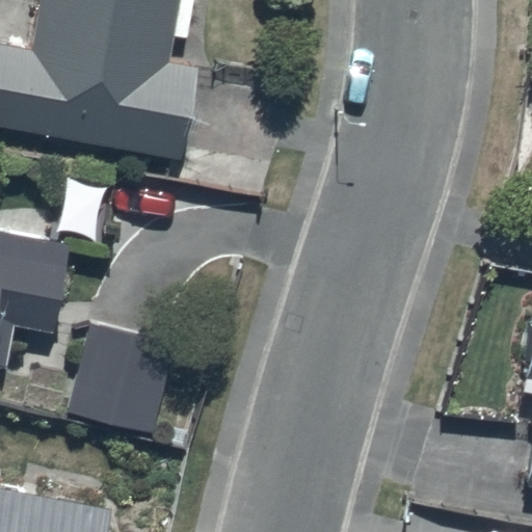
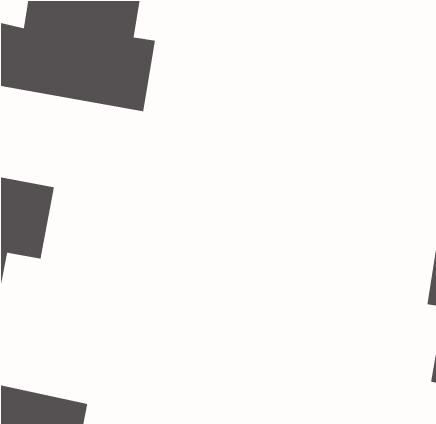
building: [70,325,169,432] -> none

